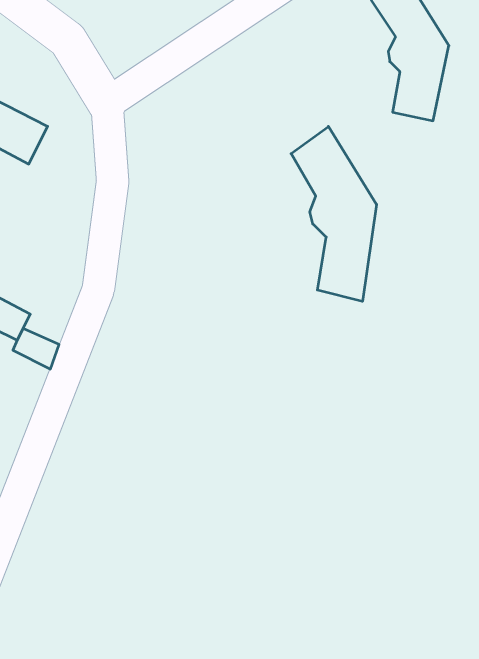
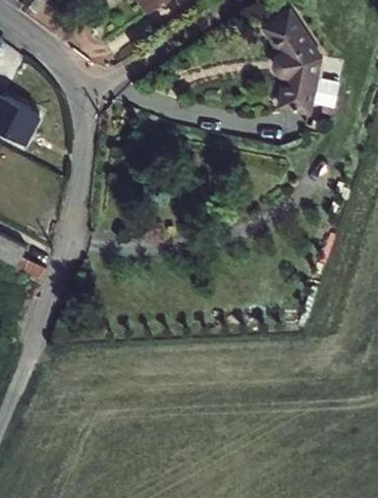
building: [291,126,377,301] -> none

